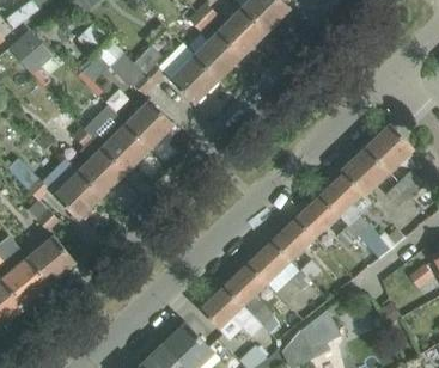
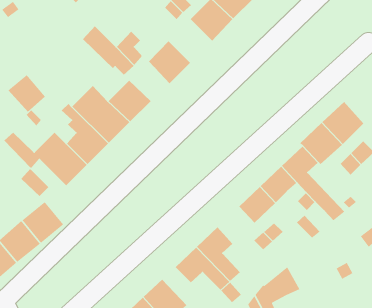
building: [8,31,51,74] -> [8,74,46,113]
building: [193,31,242,80] -> none
building: [248,241,289,283] -> none

